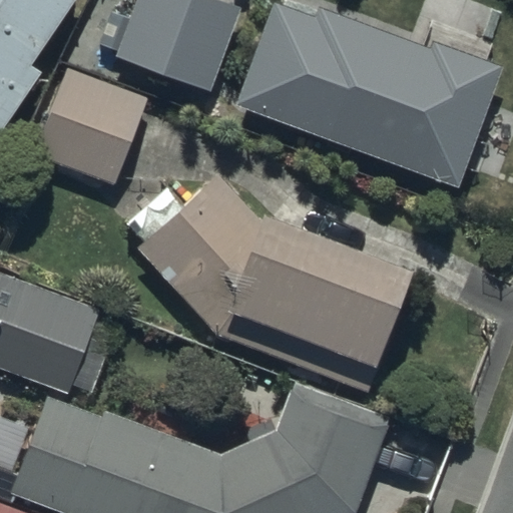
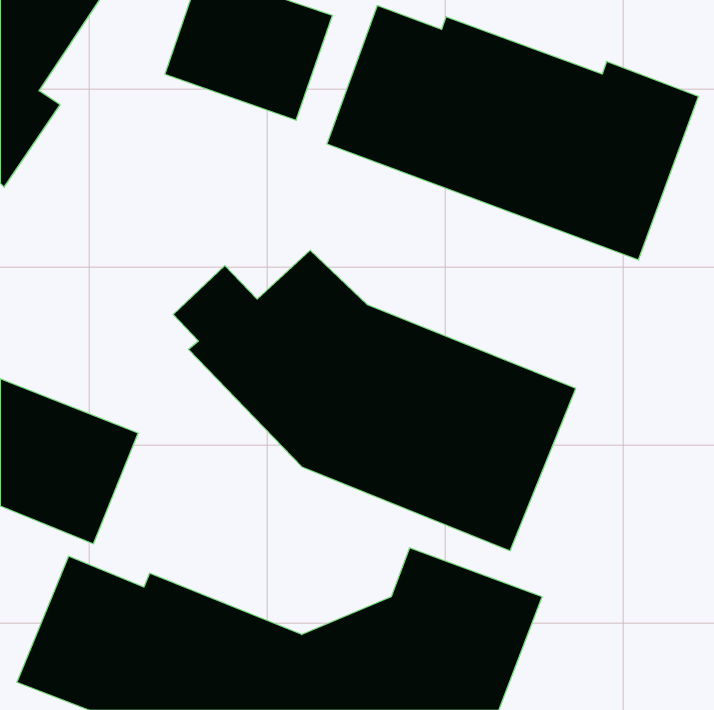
building: [33,69,146,184] -> none

